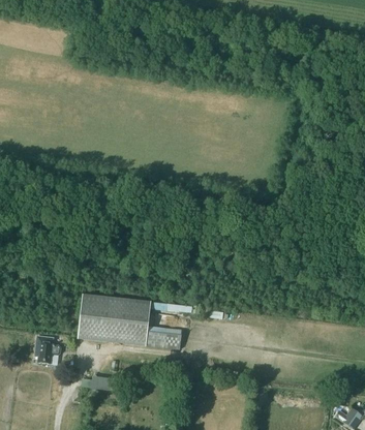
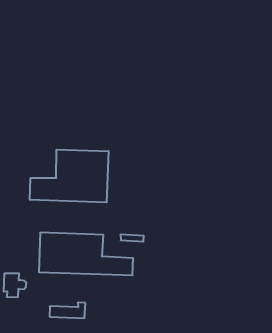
building: none -> [30,150,108,202]

